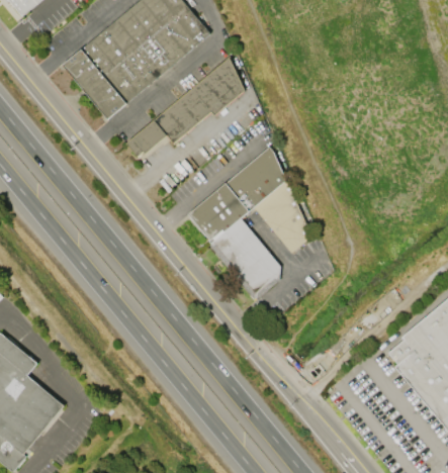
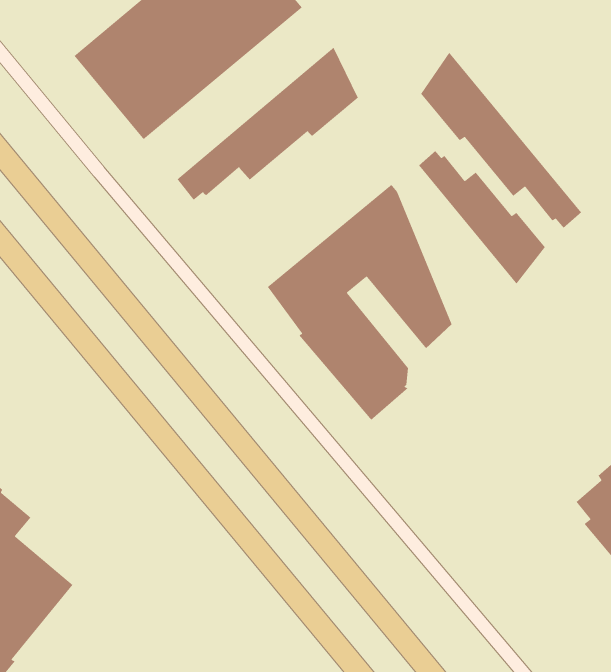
building: none -> [420,51,582,229]
building: none -> [418,150,546,285]

